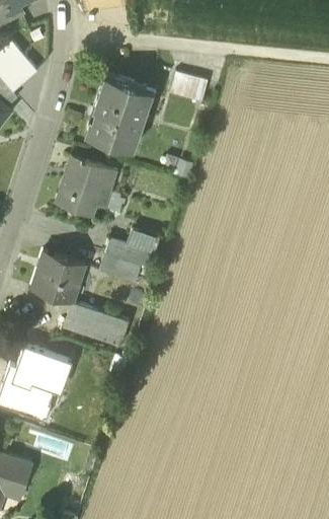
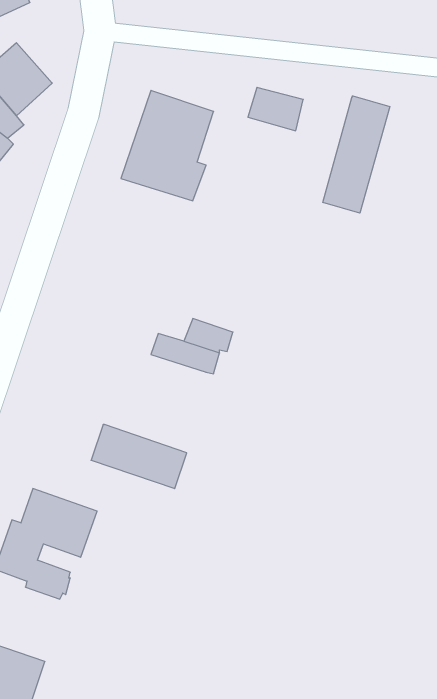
building: none -> [323,96,390,213]
building: [56,156,115,216] -> none
building: [31,250,85,302] -> none
building: [99,254,142,283] -> none

